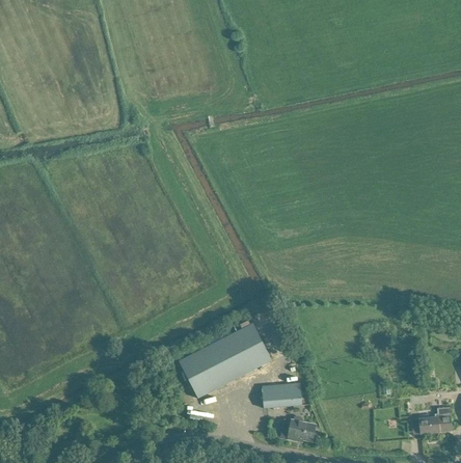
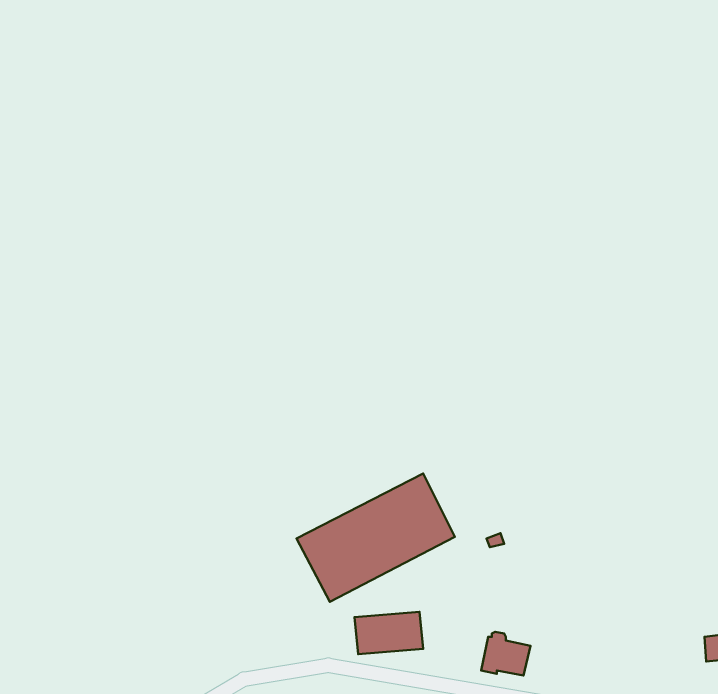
building: [262,382,302,407] -> [355,612,423,654]

